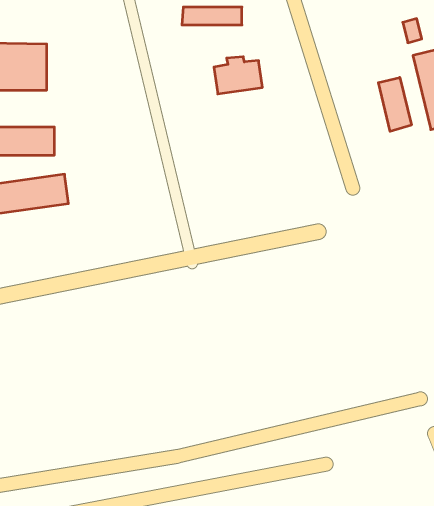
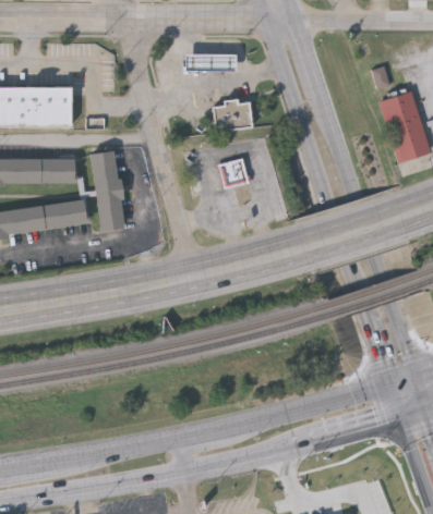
building: [378,77,411,131] -> none
building: none -> [91,150,124,231]
building: none -> [216,158,249,191]

